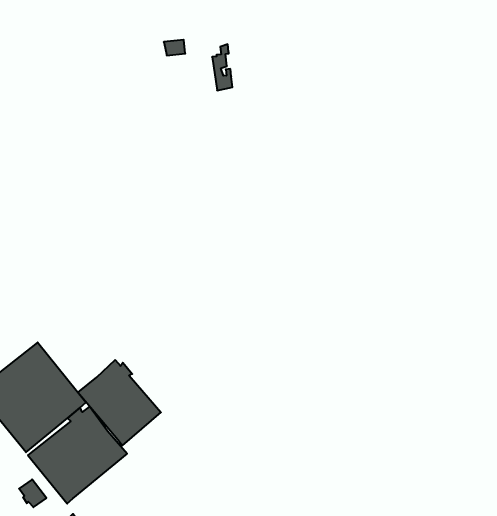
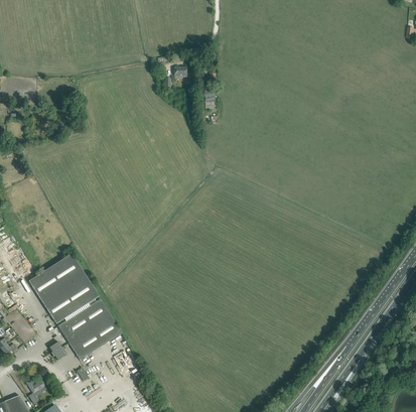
building: [78,360,161,445] -> none

